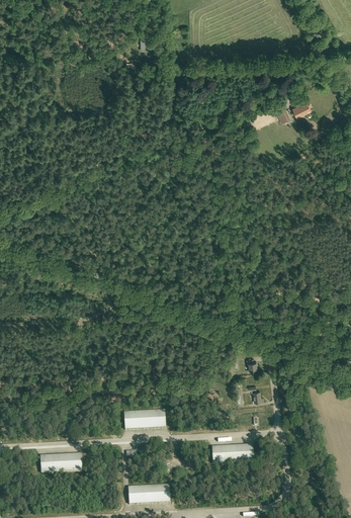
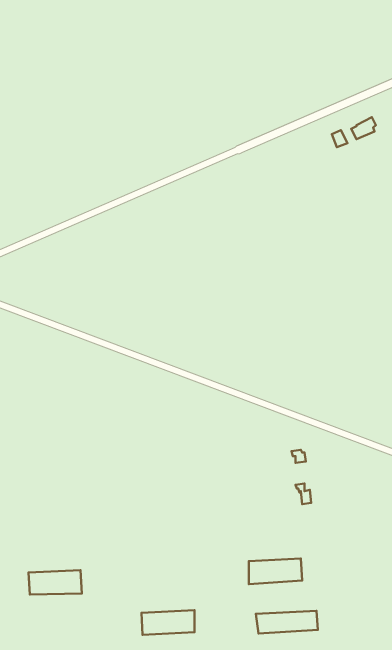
building: [124,409,166,429] -> none
building: none -> [256,611,318,634]

